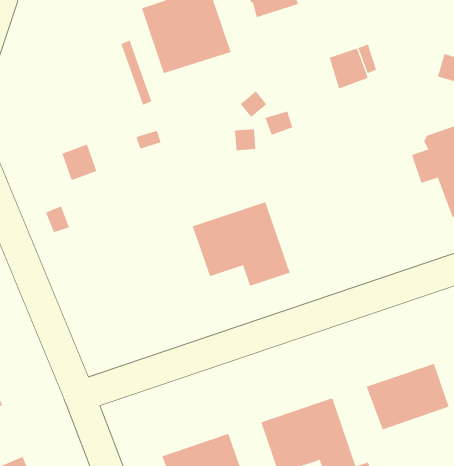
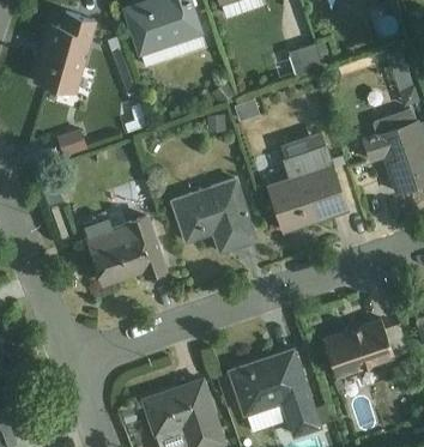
building: none -> [36,13,95,93]
building: none -> [267,132,347,231]
building: none -> [85,217,165,283]

